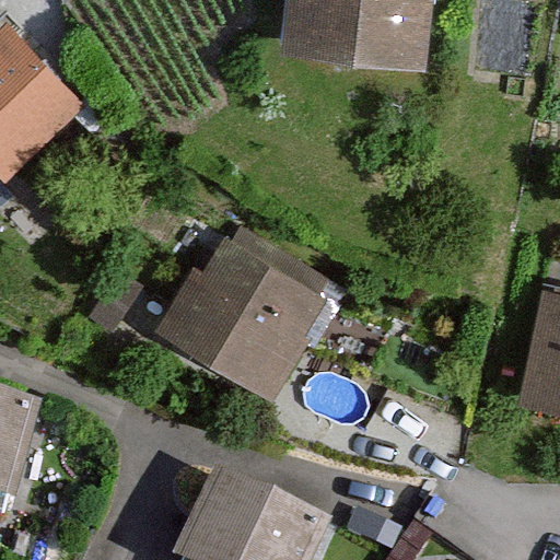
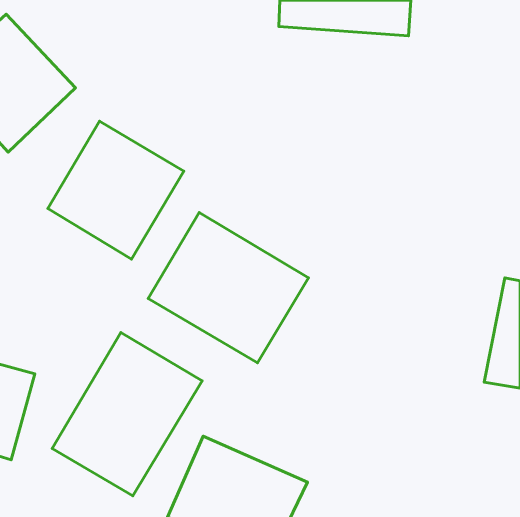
building: none -> [48,121,184,259]
building: none -> [52,332,202,496]

